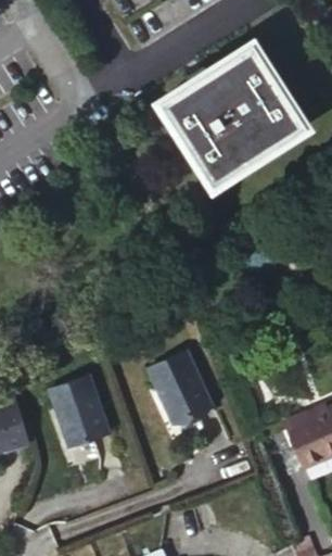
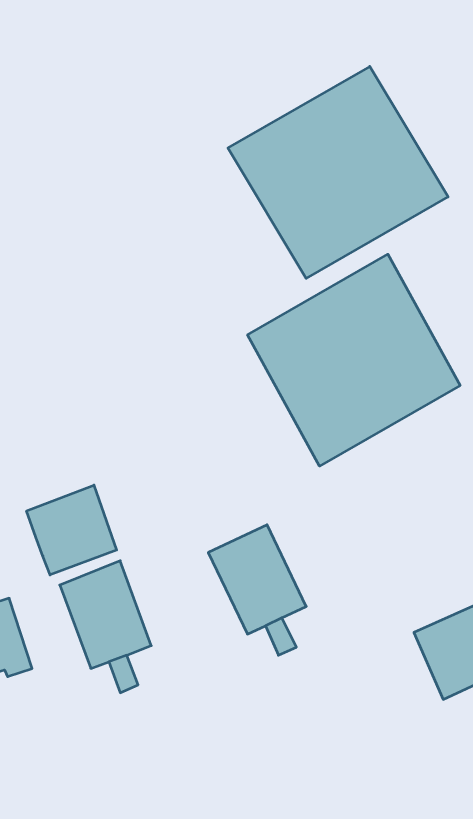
building: none -> [248,254,460,466]
building: none -> [27,485,117,575]

